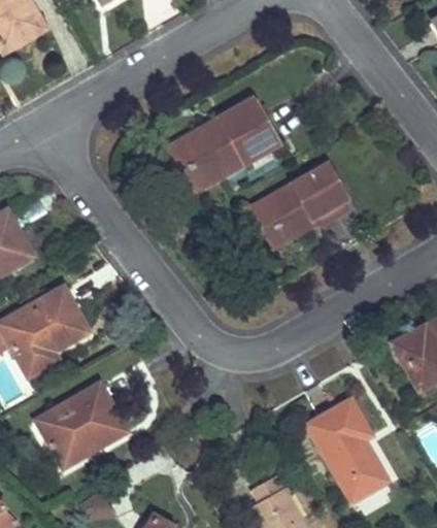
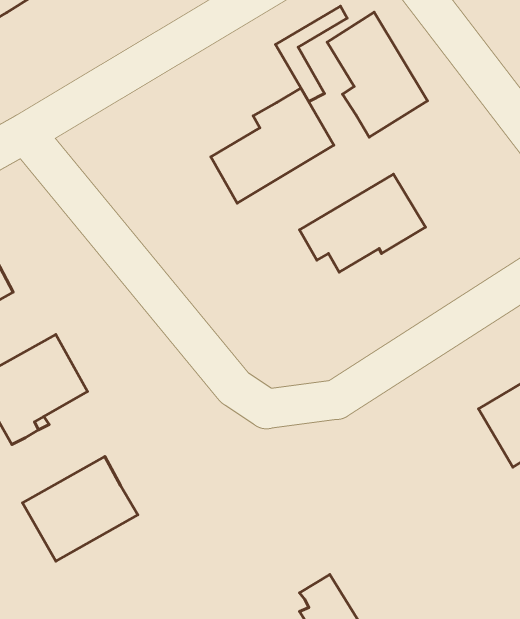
building: none -> [327,12,428,137]
building: [166,119,222,193] -> [276,6,347,102]
building: [308,400,386,500] -> none

